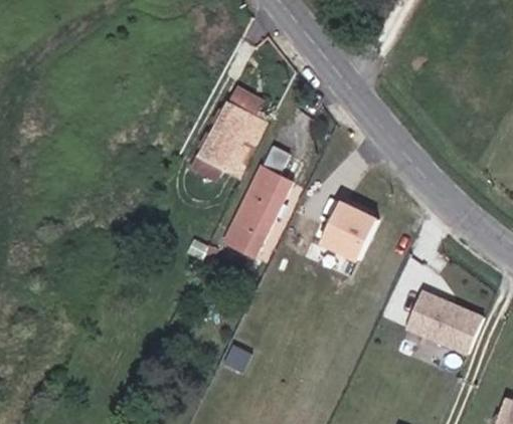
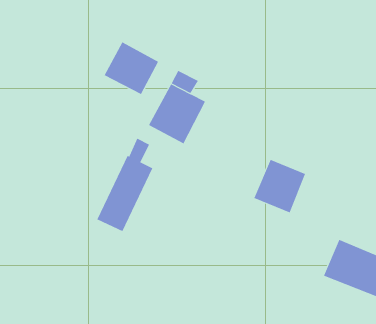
building: none -> [104,41,159,95]
building: [226,146,292,254] -> [97,138,153,232]

